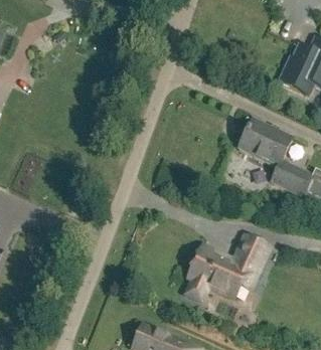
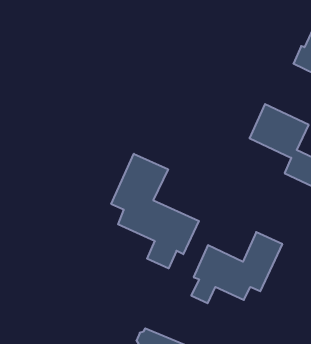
building: none -> [111,154,199,268]

